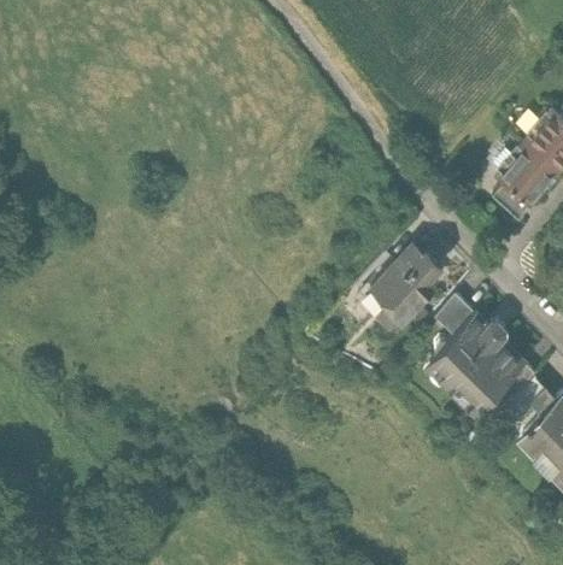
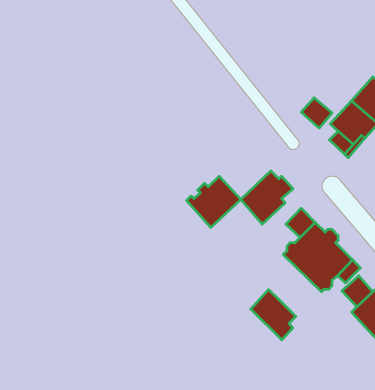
building: none -> [301,98,332,128]
building: none -> [187,176,241,227]
building: none -> [251,290,296,340]

